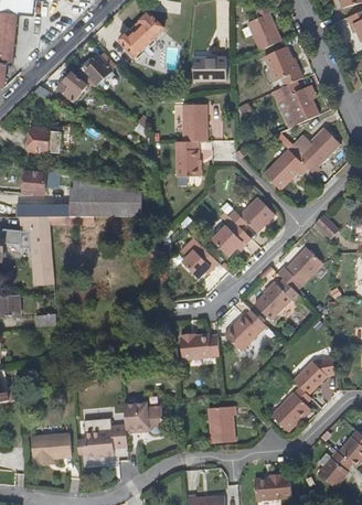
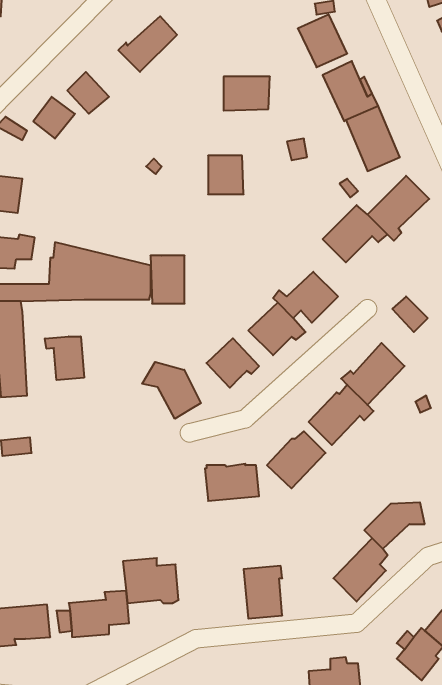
building: [174,141,199,175] -> [150,256,185,304]
building: none -> [45,336,84,380]
building: none -> [142,362,201,419]

